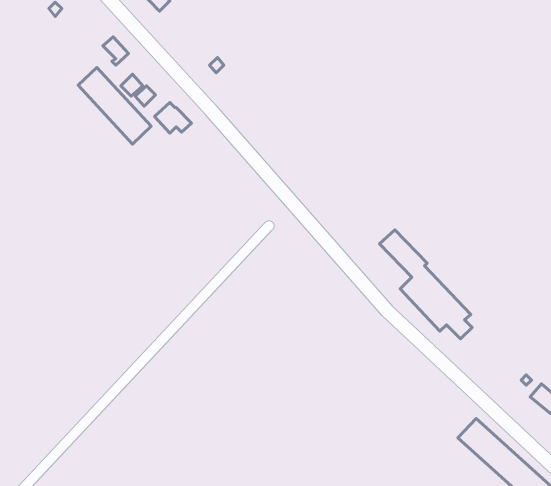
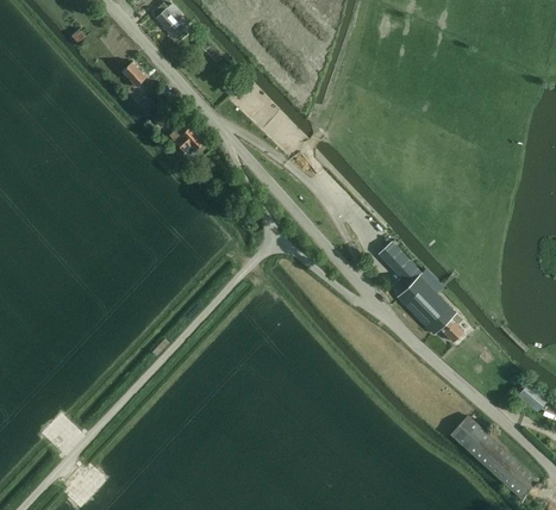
building: [78,67,151,144] -> none

